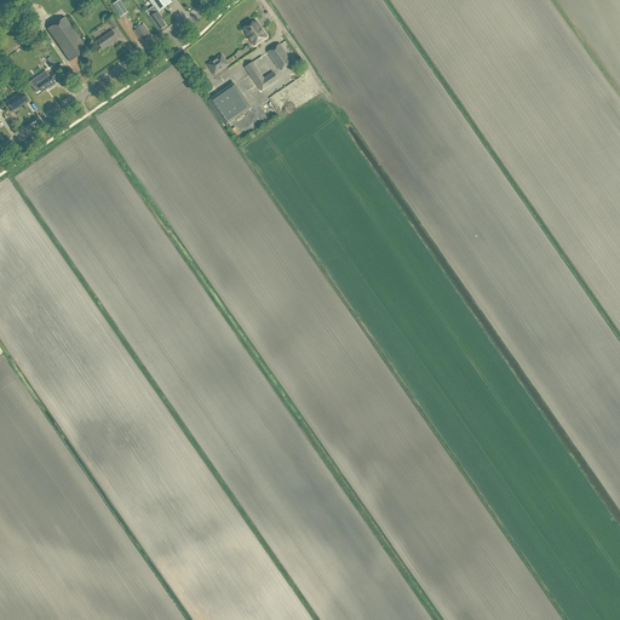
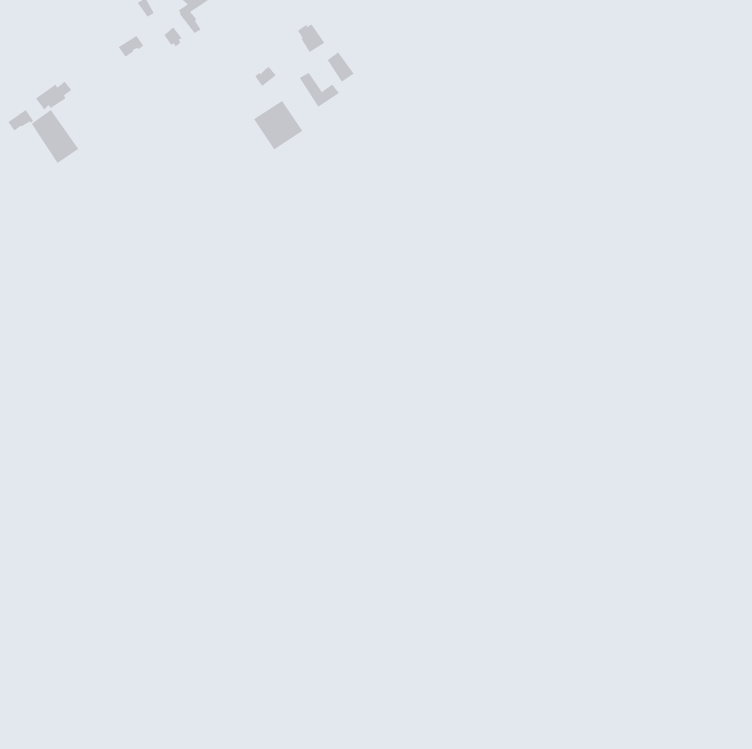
building: [47,15,87,59] -> [31,109,79,164]

